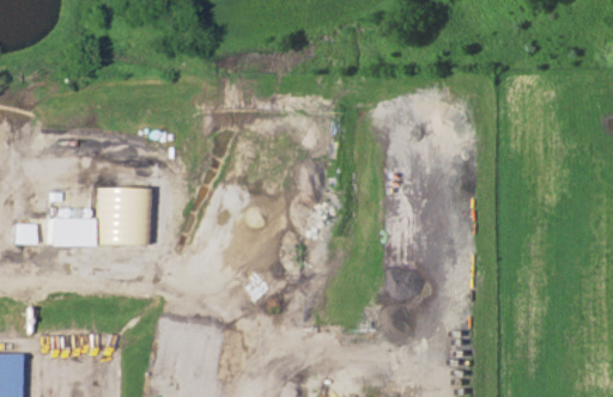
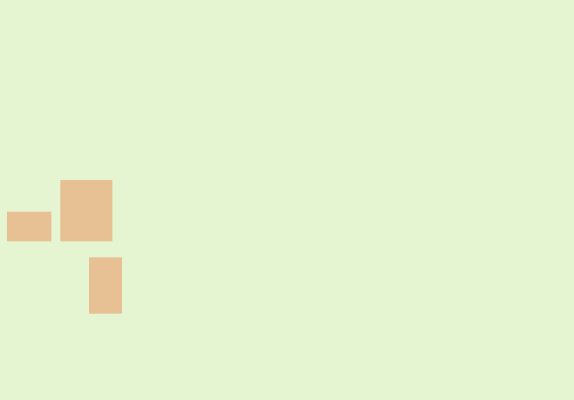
building: none -> [89,257,123,314]

